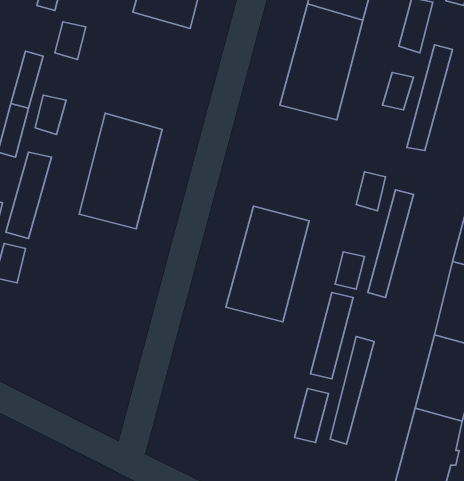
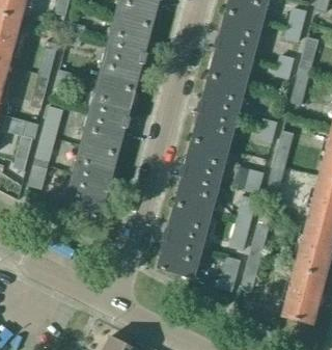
building: none -> [98,17,151,91]
building: none -> [192,76,245,150]
building: none -> [63,145,117,219]
building: none -> [158,205,211,278]

